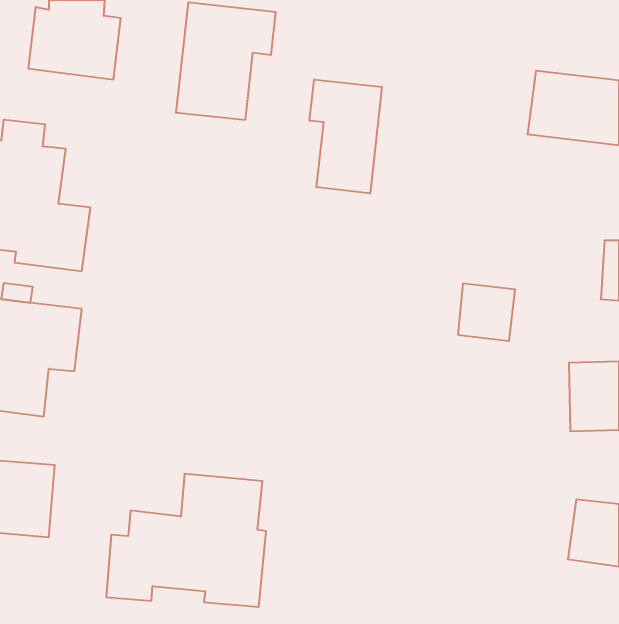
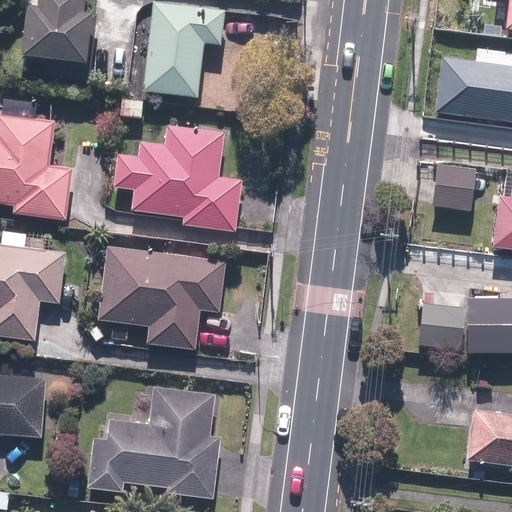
building: [310,79,382,194] -> none
building: none -> [115,126,241,230]
building: none -> [433,162,474,209]
building: [458,284,515,341] -> [418,303,465,350]
building: none -> [99,250,223,348]

